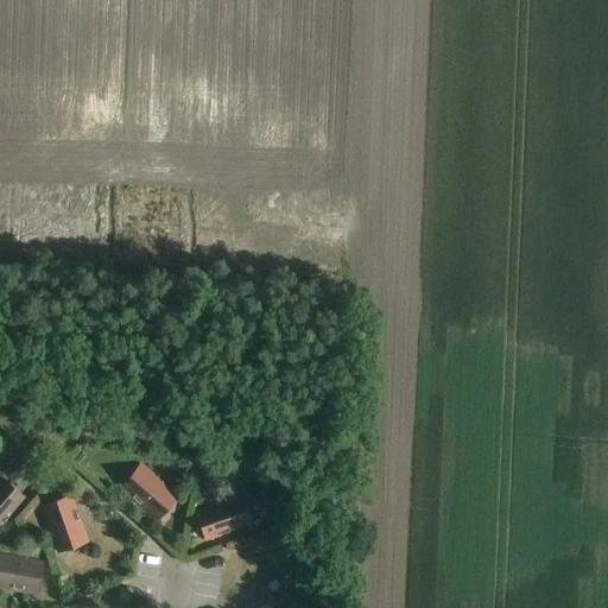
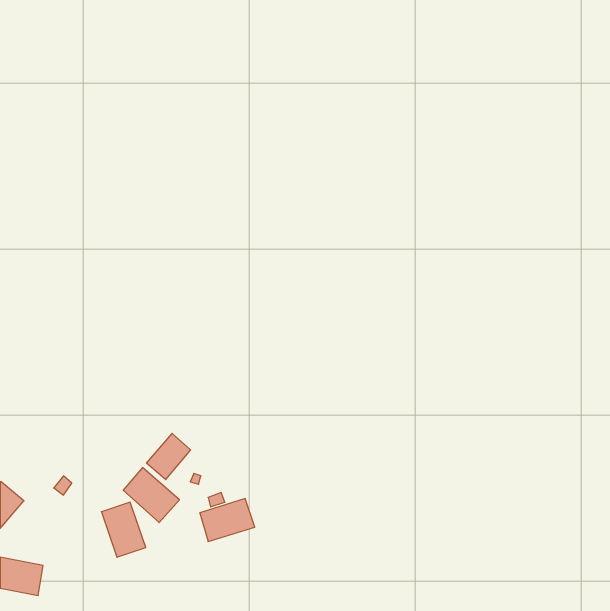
building: none -> [146,433,191,480]
building: [44,496,88,551] -> [101,502,146,557]

